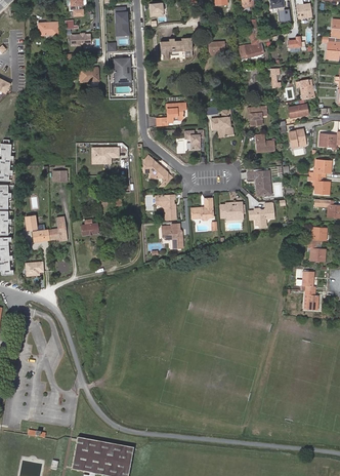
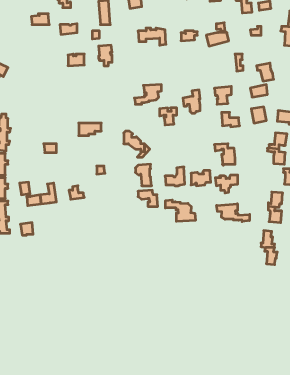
building: none -> [165,200,195,221]
building: none -> [217,204,250,222]

